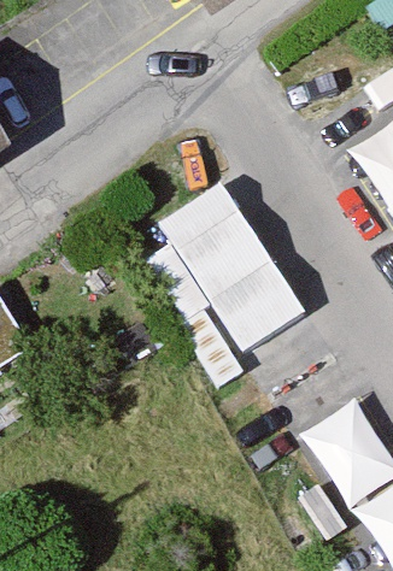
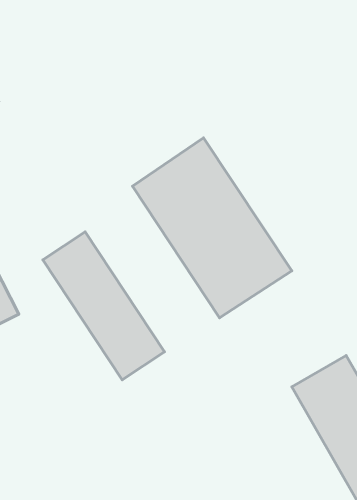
building: none -> [43,232,164,380]

